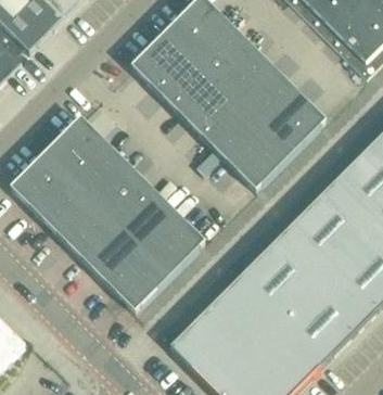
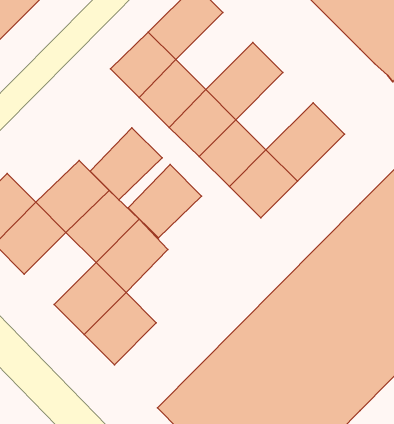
building: [186,17,250,81] -> none
building: [235,67,299,131] -> none
building: [46,115,105,175] -> [90,128,162,200]
building: [60,200,119,259] -> none
building: [144,214,205,275] -> [128,165,201,238]

